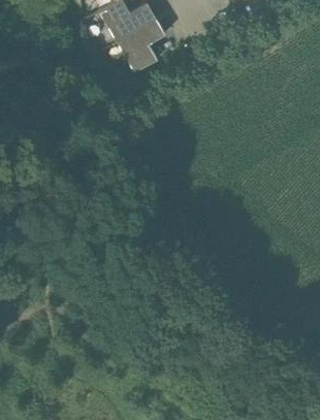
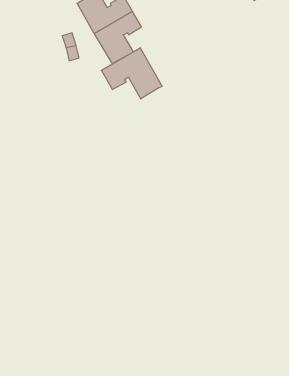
building: none -> [101,48,162,99]

